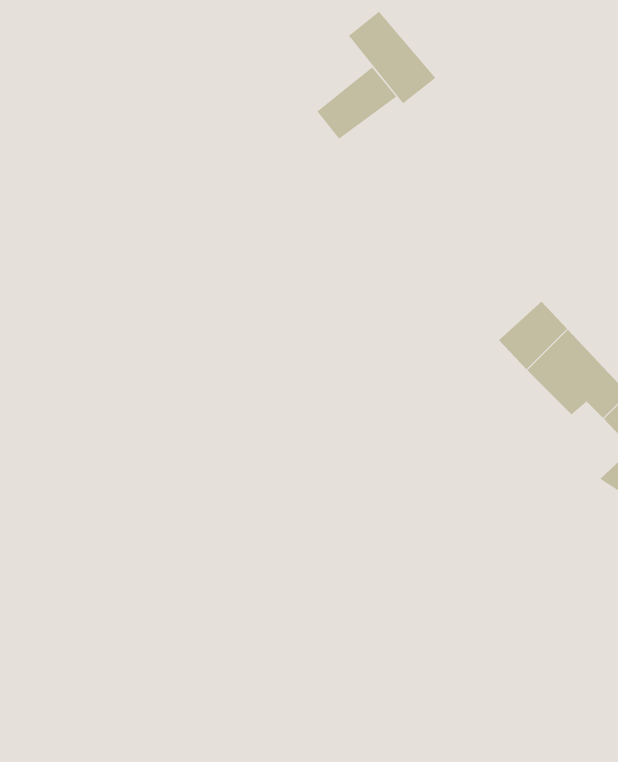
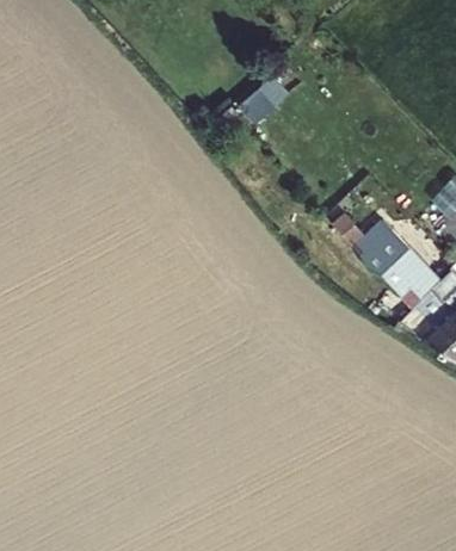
building: [348,11,436,104] -> none

